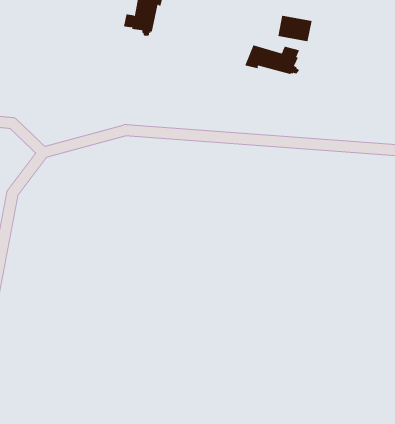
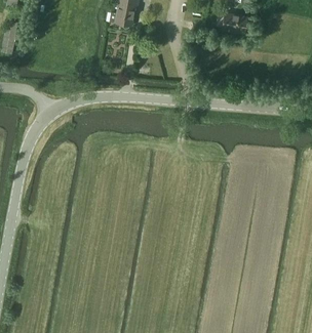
building: [244,44,300,75] -> none

